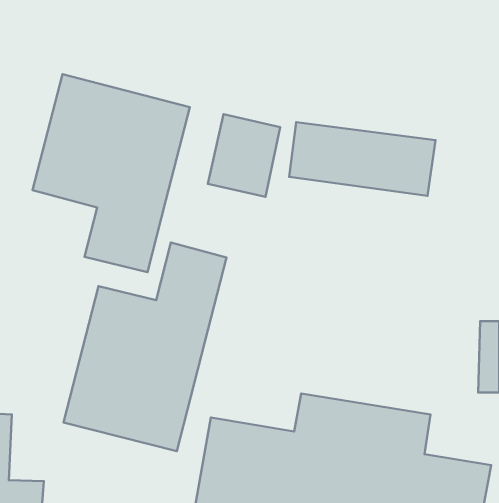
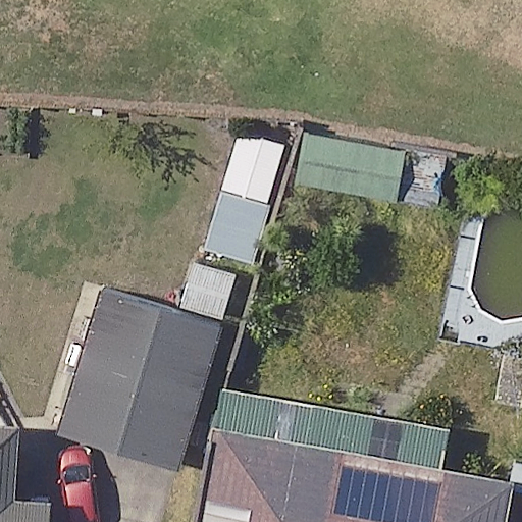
building: [33,74,190,272] -> none

